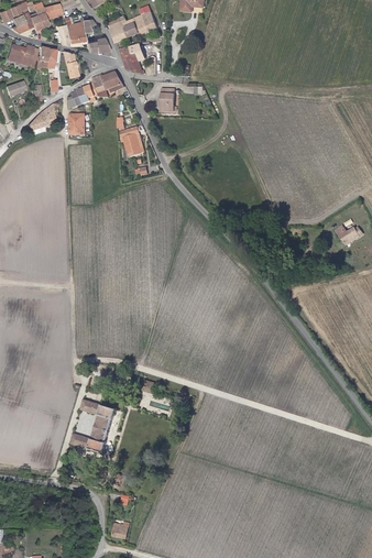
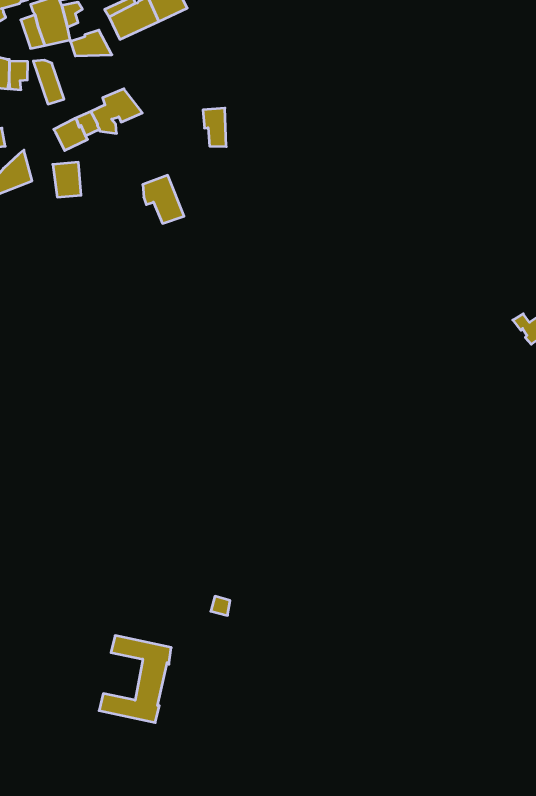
building: [120,44,144,72] -> none

